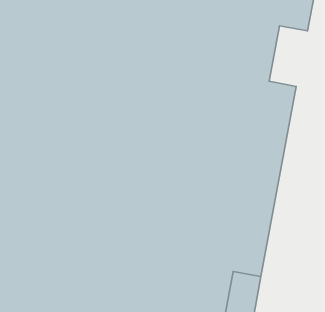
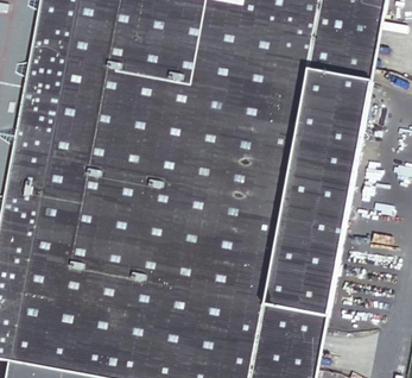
building: none -> [338,32,382,102]

